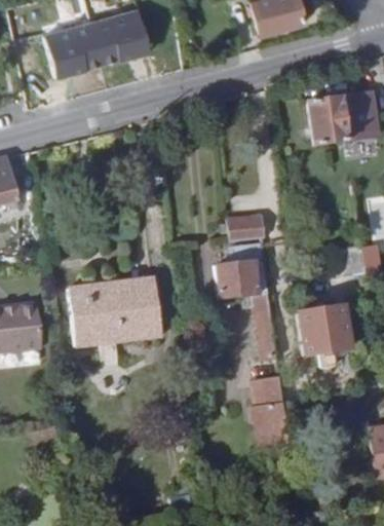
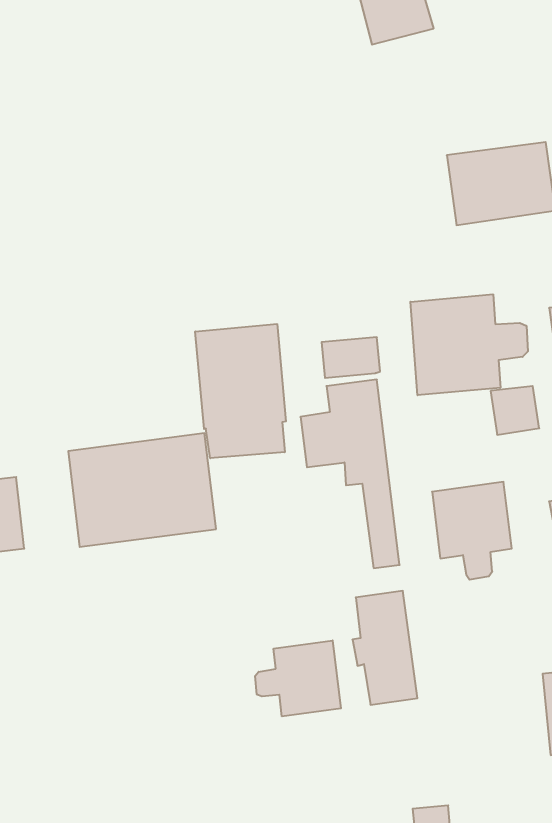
building: [44,11,152,80] -> none
building: none -> [410,294,528,395]
building: none -> [195,324,286,458]
building: none -> [255,640,341,716]

